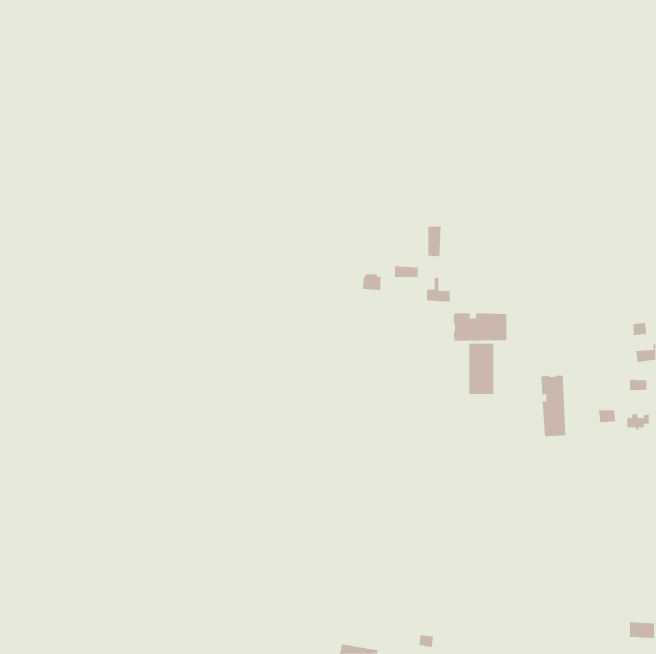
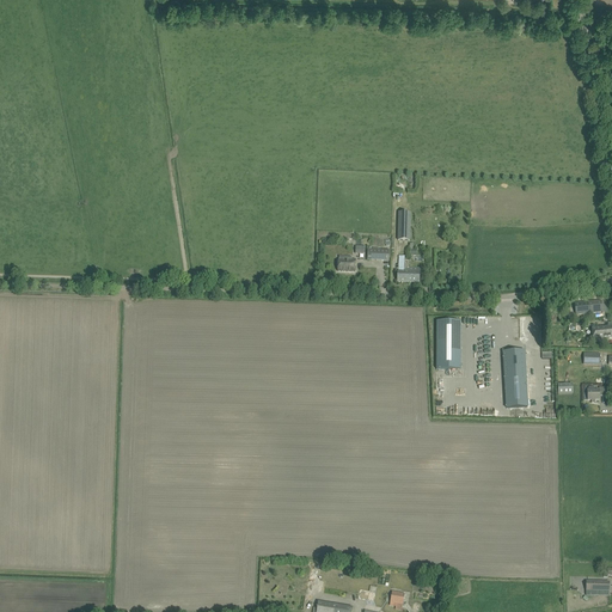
building: [453,313,507,342] -> none

